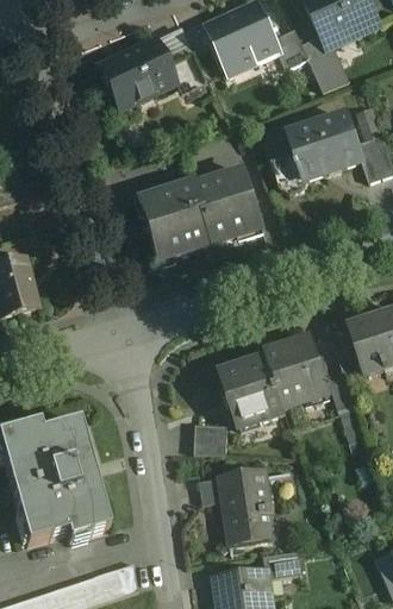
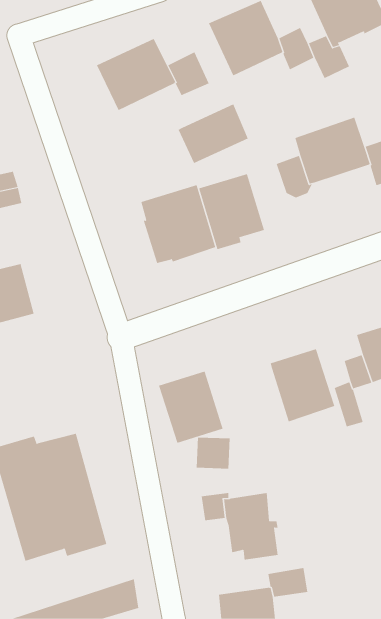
building: none -> [178,104,249,164]
building: [222,357,285,427] -> [158,371,224,443]

